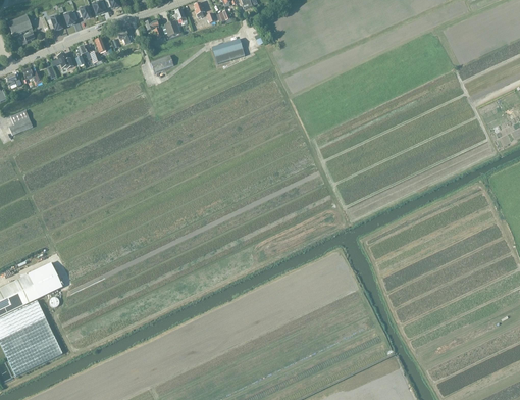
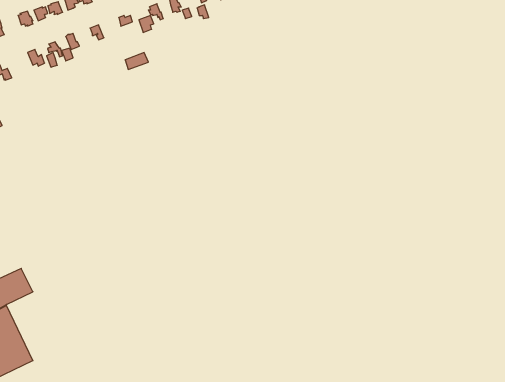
building: [212,39,245,64] -> none

